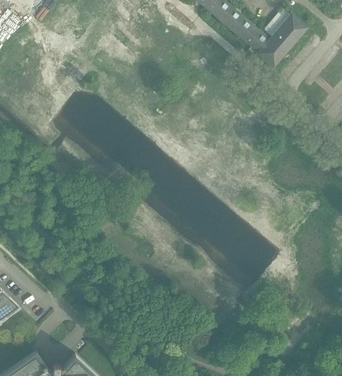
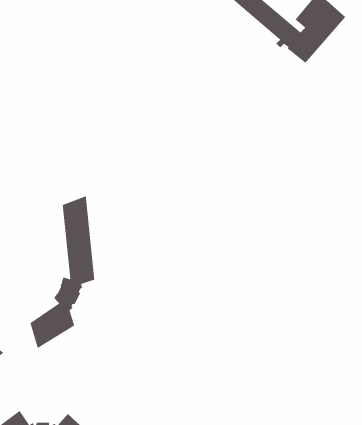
building: none -> [29,195,95,349]

